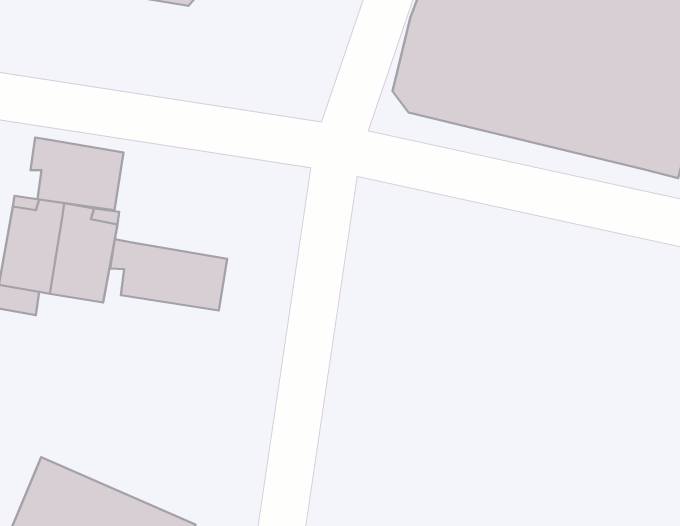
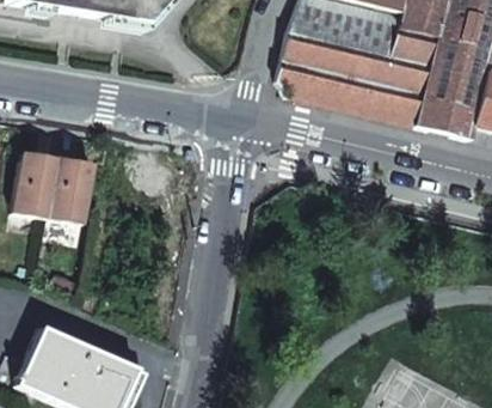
building: [30,137,124,210] -> none
building: [110,239,227,310] -> none

